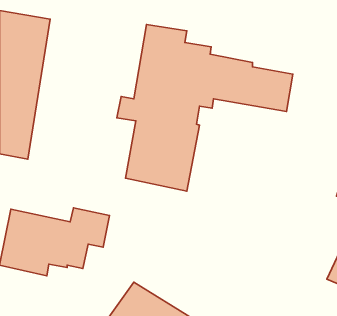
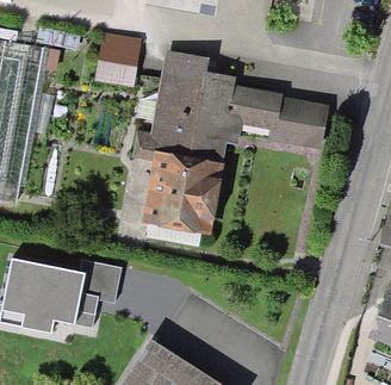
building: none -> [94,38,141,83]

